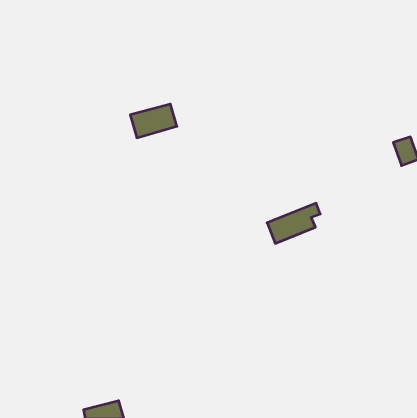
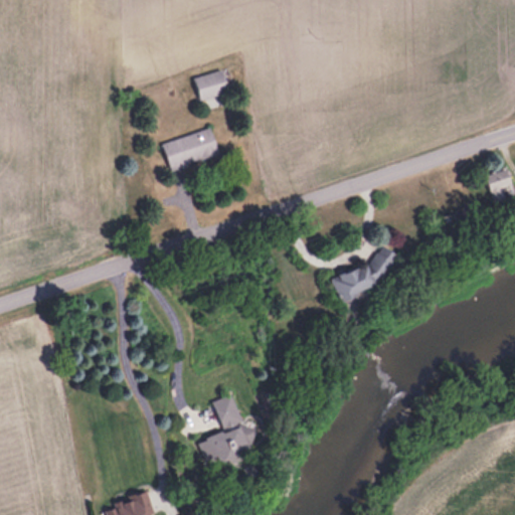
building: none -> [194,69,233,109]
building: none -> [198,394,252,466]

